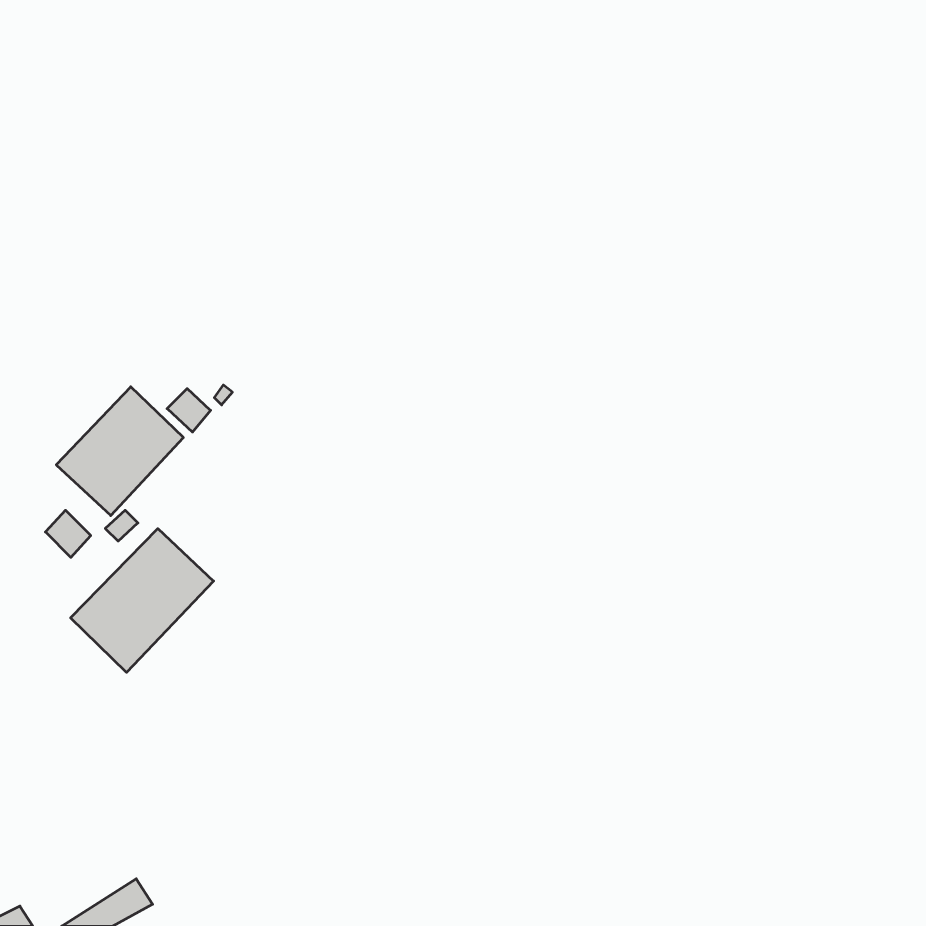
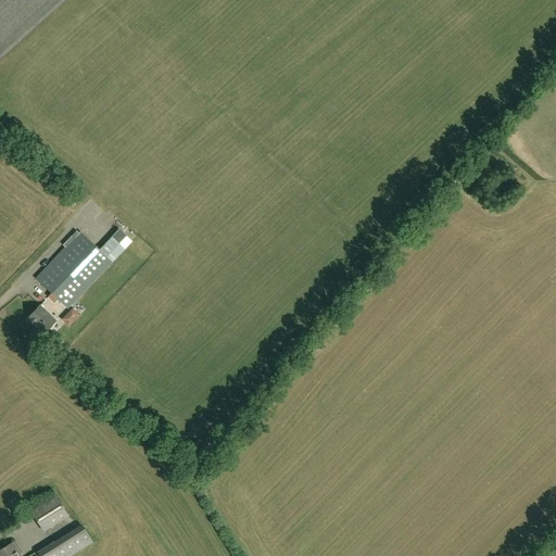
building: [71,529,214,672] -> none
building: none -> [28,494,67,531]

